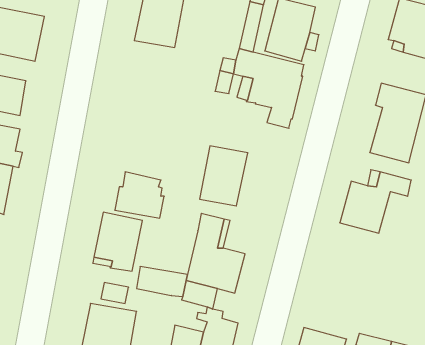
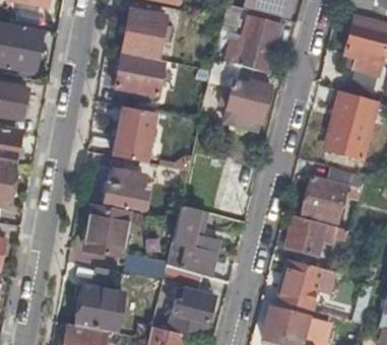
building: none -> [116,54,166,96]
building: [200,146,248,206] -> [114,107,156,159]
building: none -> [286,216,348,256]
building: none -> [272,258,329,307]

